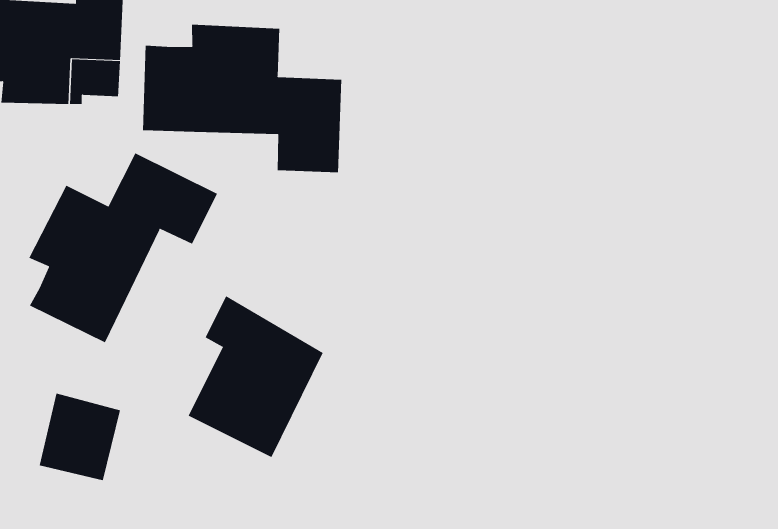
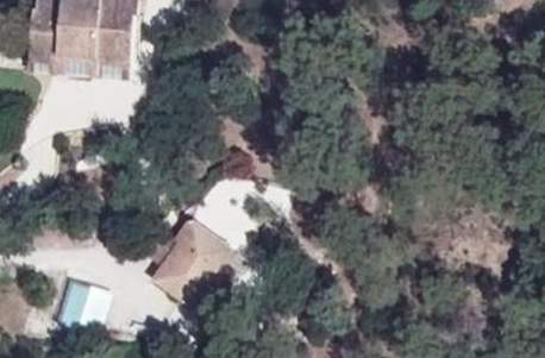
building: [142,24,342,173] -> none
building: [28,152,218,343] -> none

